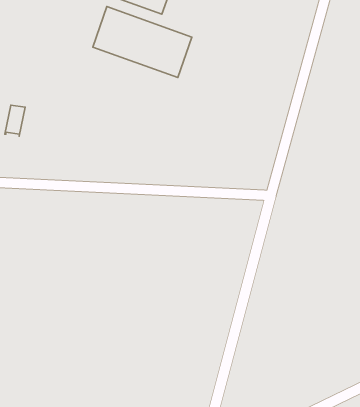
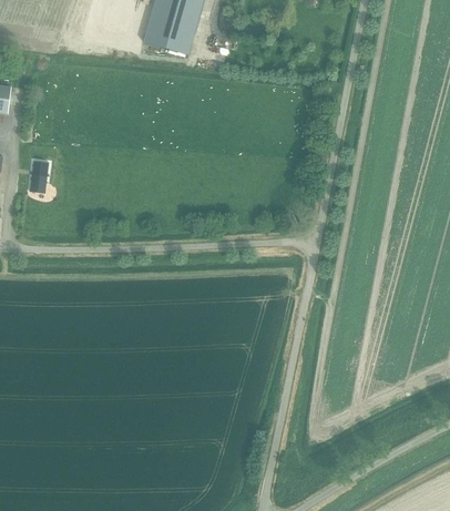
building: [93,7,192,78] -> none

